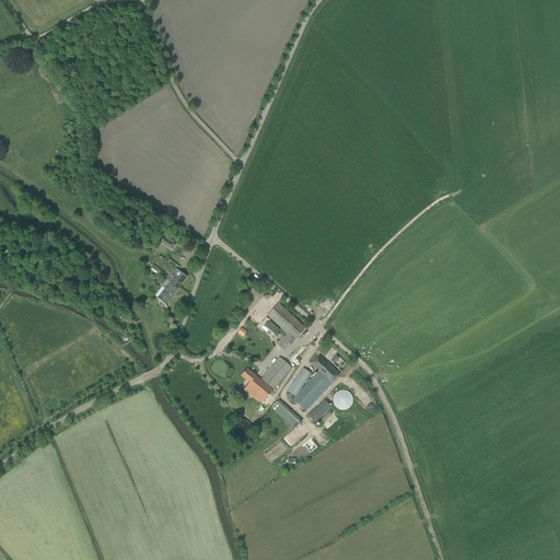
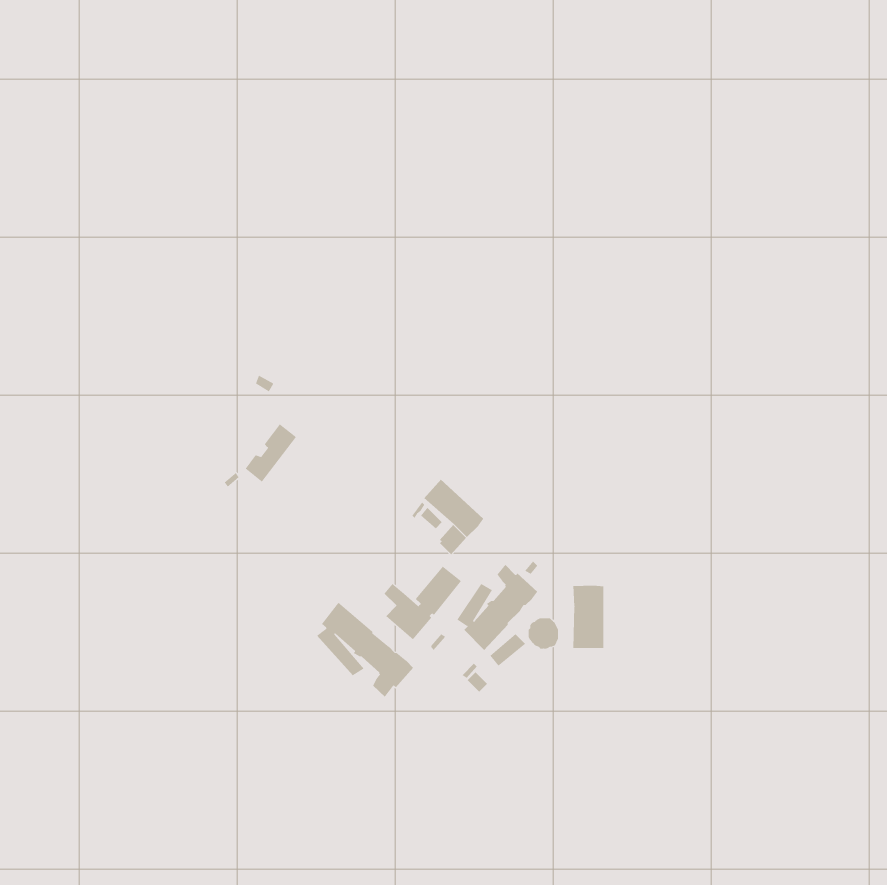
building: none -> [573,585,604,649]
building: none -> [316,602,414,697]

